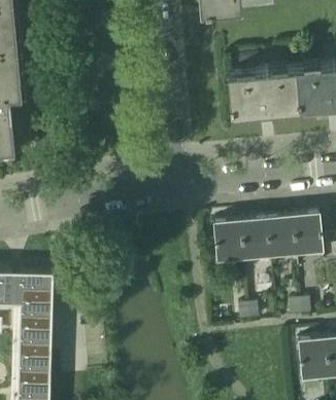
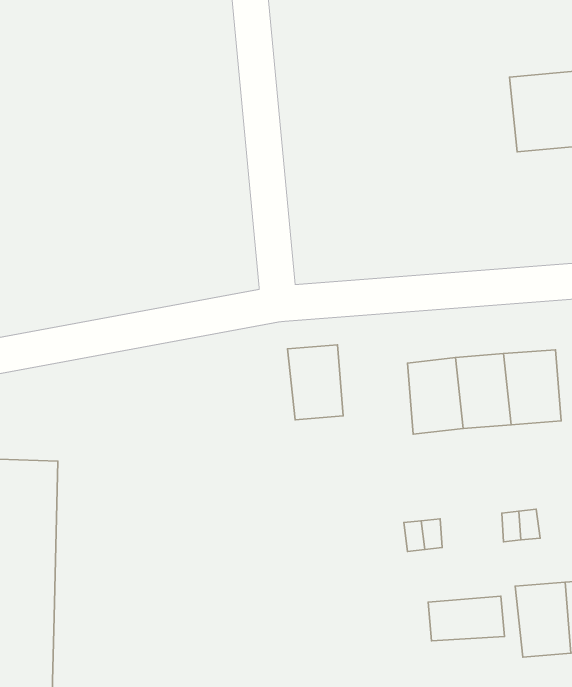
building: [228,69,299,115] -> none
building: [213,222,243,262] -> [288,345,343,420]
building: none -> [428,596,505,641]

